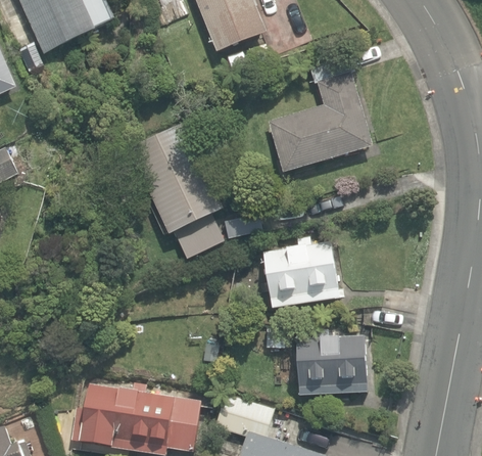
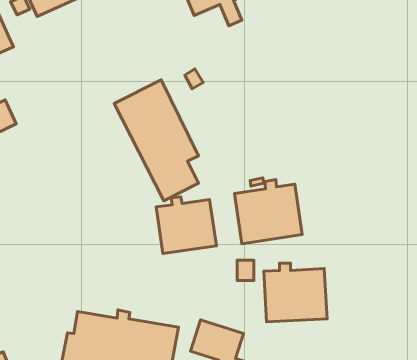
building: [268,46,371,171] -> none
building: none -> [156,197,216,253]

